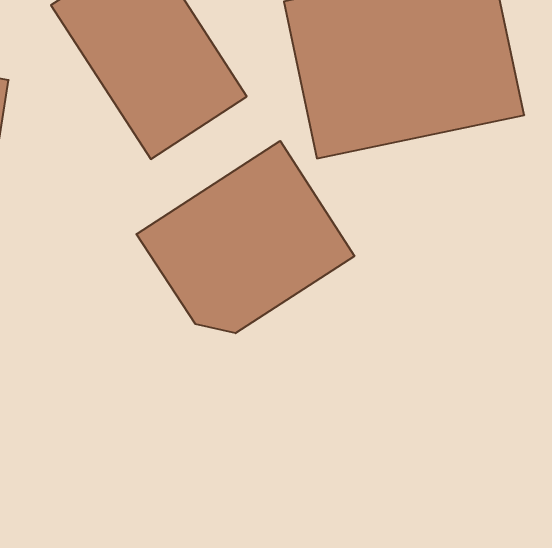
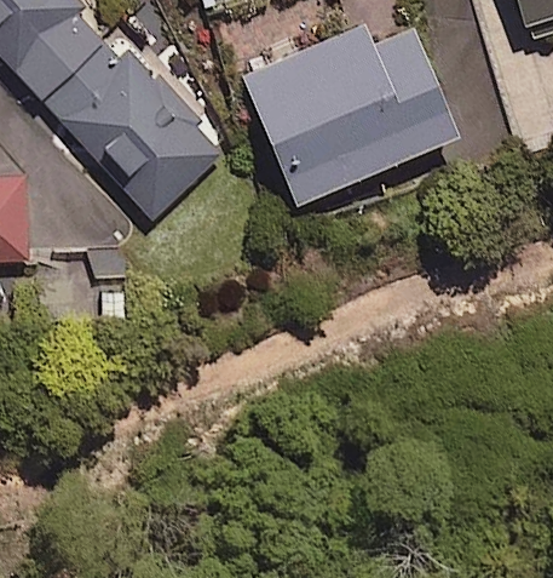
building: [136,141,354,333] -> none

